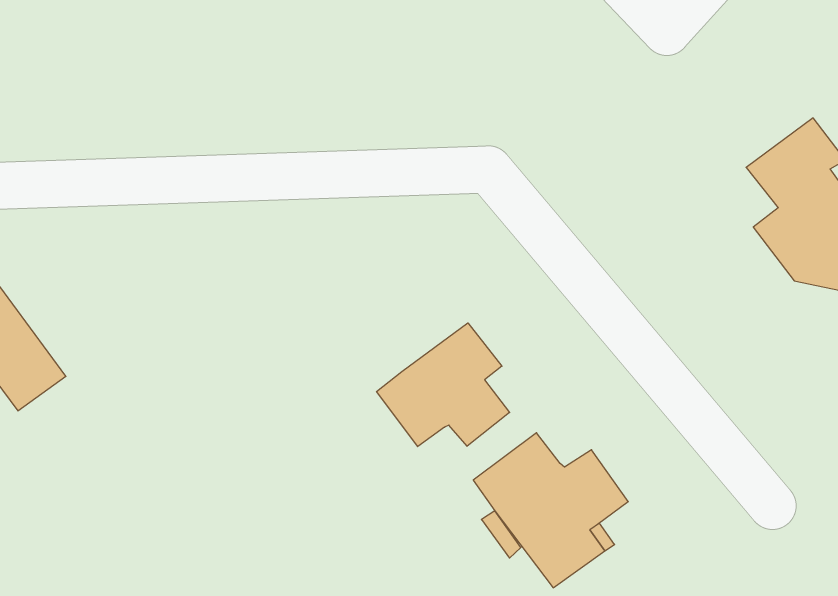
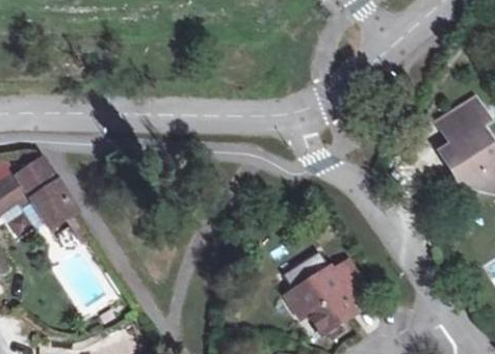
building: [377,323,510,447] -> none

